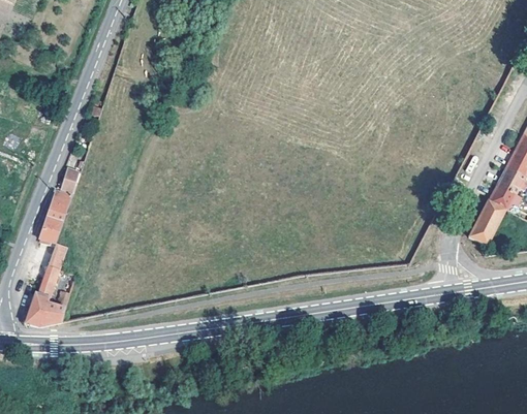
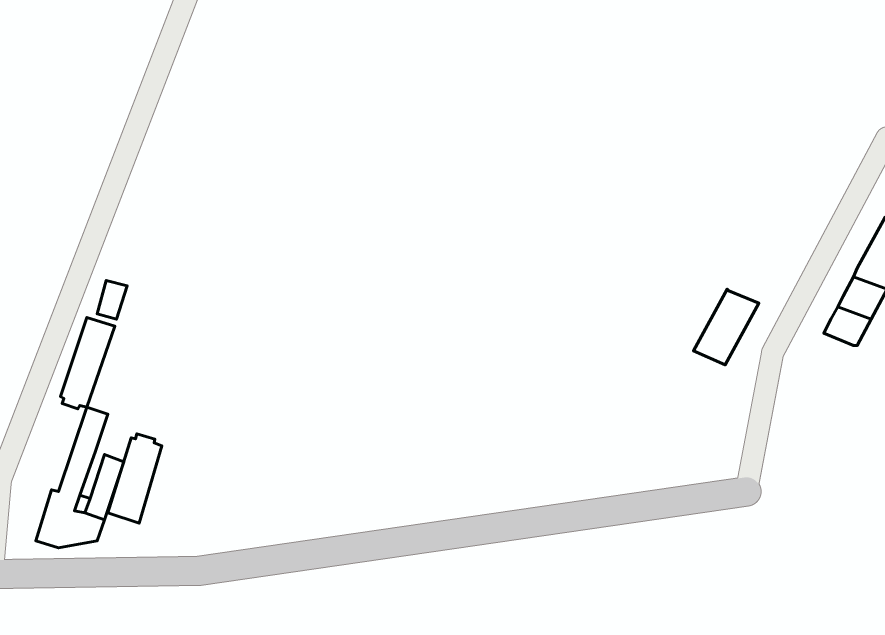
building: [468,199,506,244] -> [694,289,759,365]
building: none -> [108,434,162,523]

